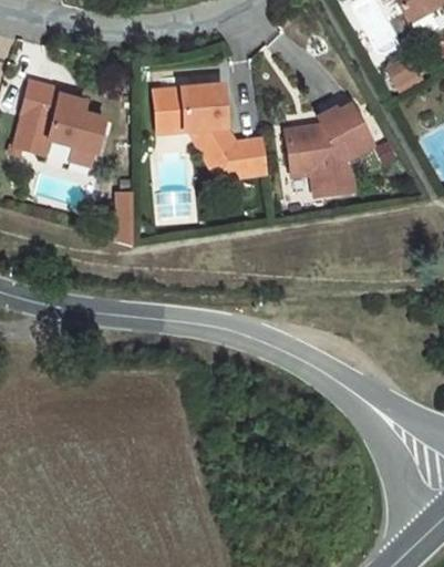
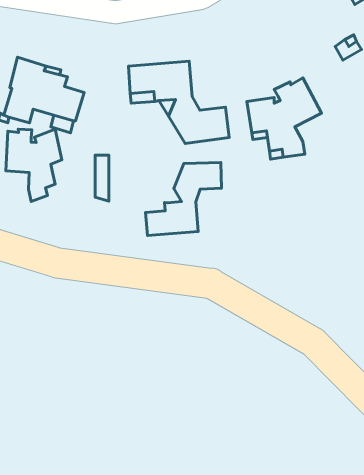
building: none -> [6,129,62,202]
building: none -> [145,162,222,236]

